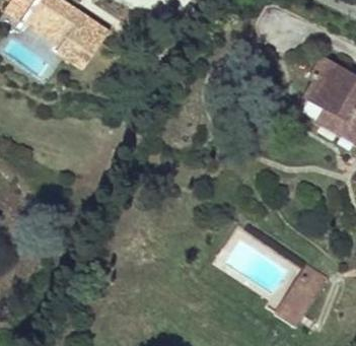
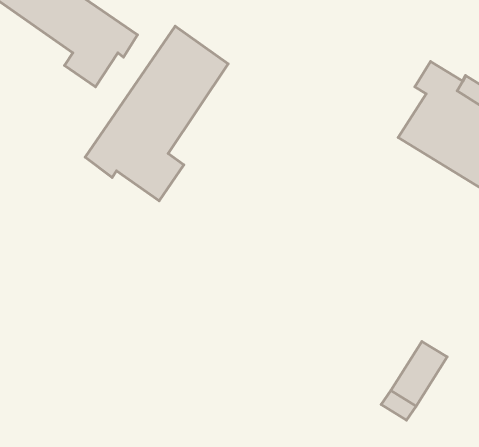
building: none -> [85,26,228,201]

